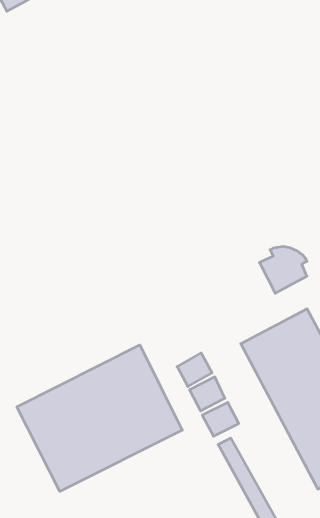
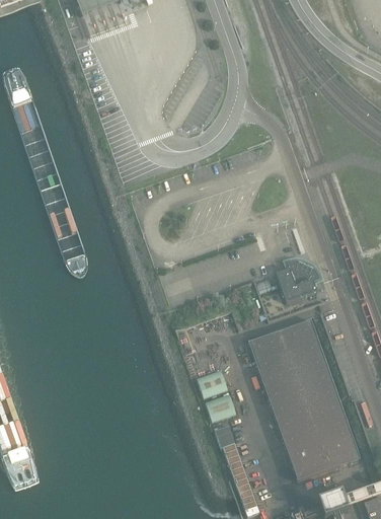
building: [17,345,182,491] -> none

